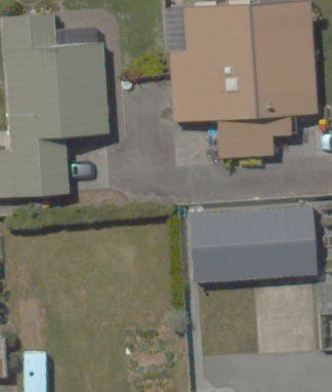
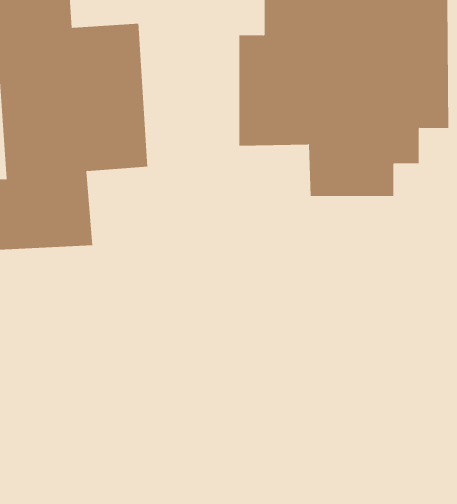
building: [193,214,314,280] -> none

